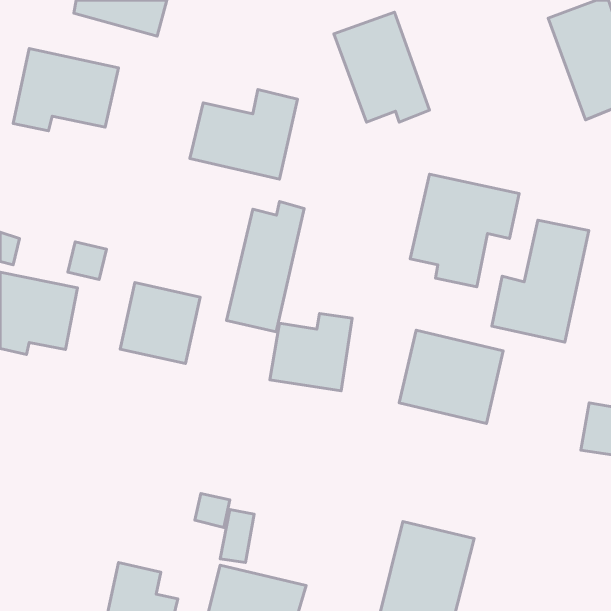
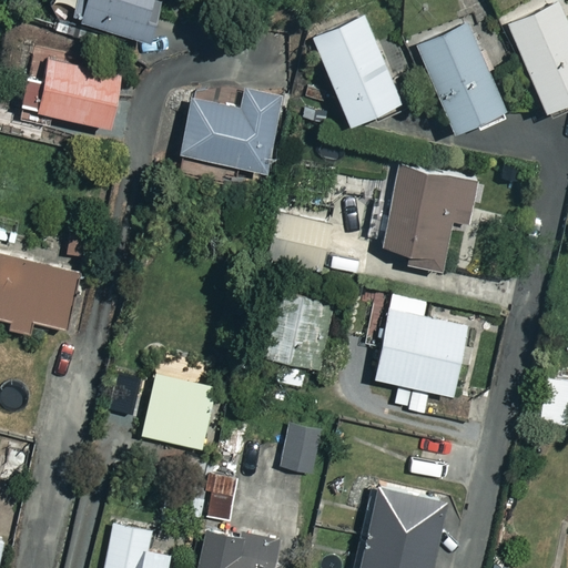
building: none -> [418,29,505,129]
building: [227,201,304,332] -> none
building: [492,220,589,342] -> none
building: [120,283,200,364] -> [142,375,215,449]
building: none -> [281,423,329,477]

